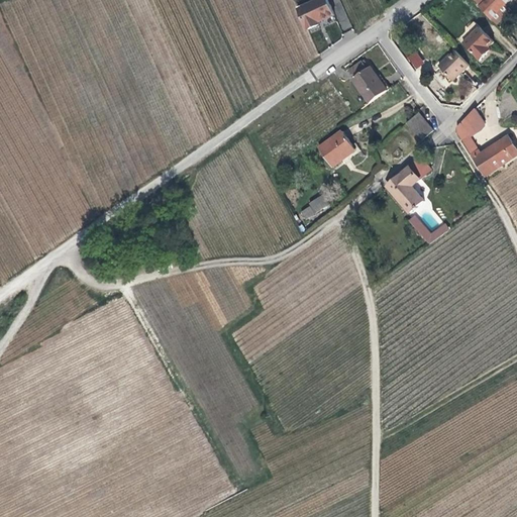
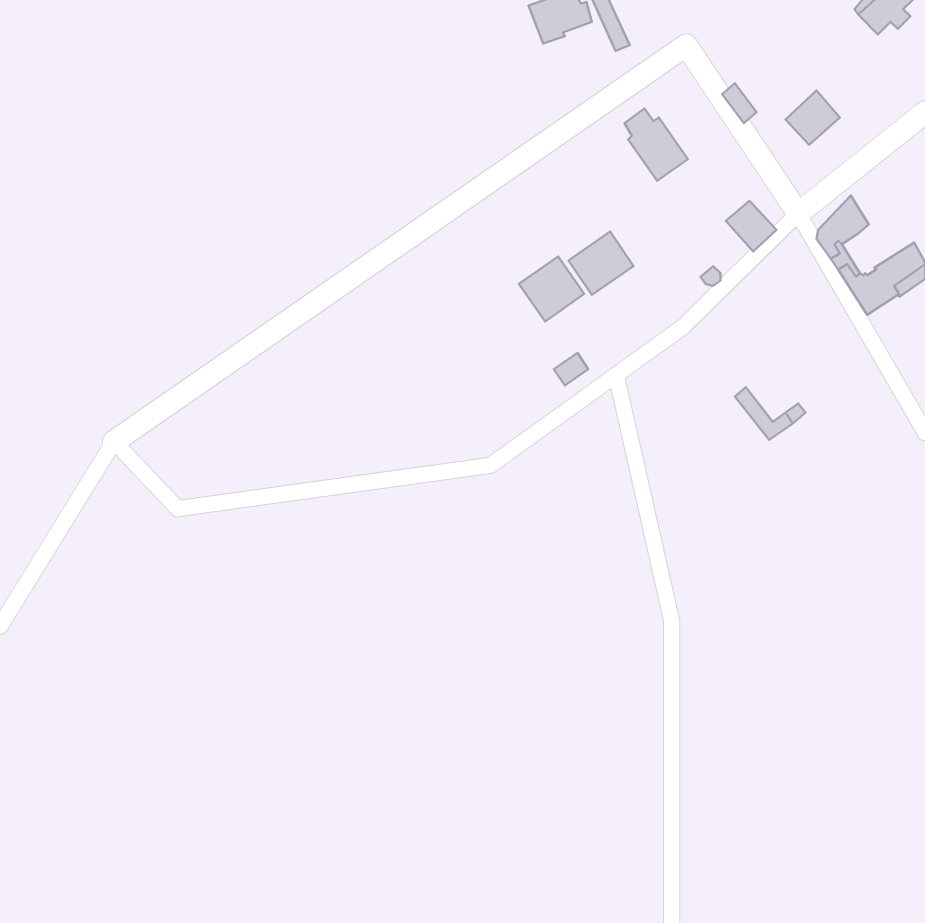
building: [463,27,494,61] -> none
building: none -> [519,256,584,322]
building: [387,159,430,214] -> none

